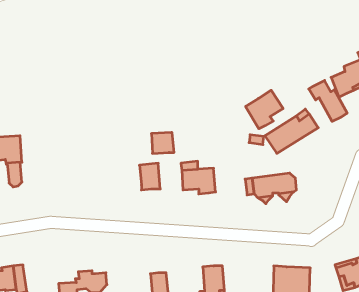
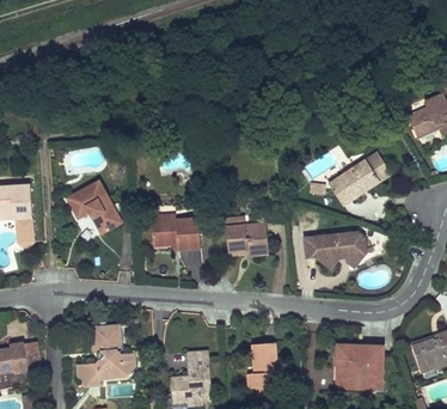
building: [309,80,347,121] -> none
building: [246,90,283,129] -> none
building: [151,133,174,153] -> [149,221,177,246]
building: none -> [68,182,122,236]
building: none -> [93,324,121,353]

